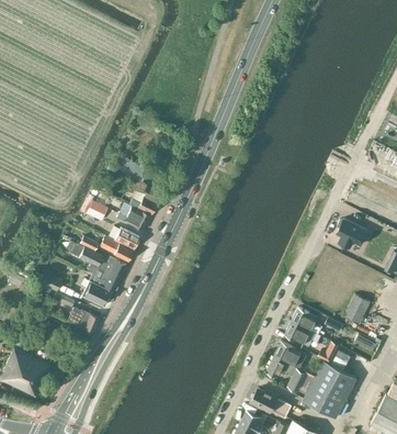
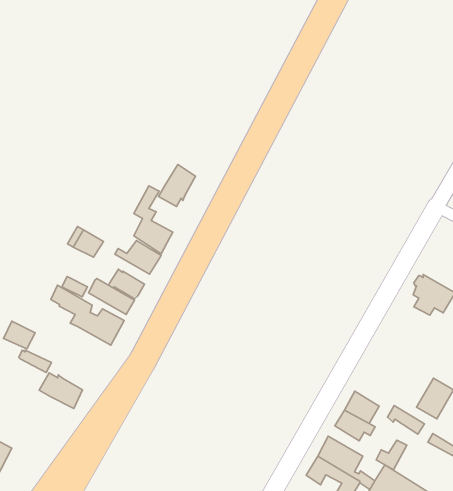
building: none -> [159,164,195,206]
building: [81,272,117,307] -> none

